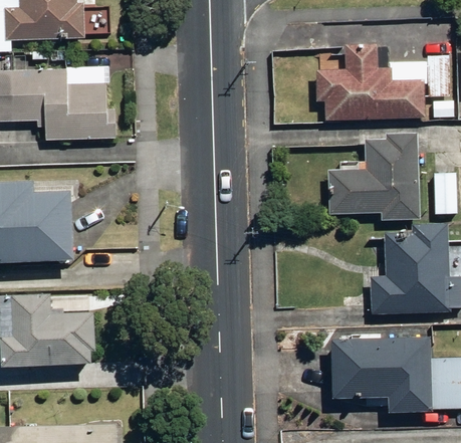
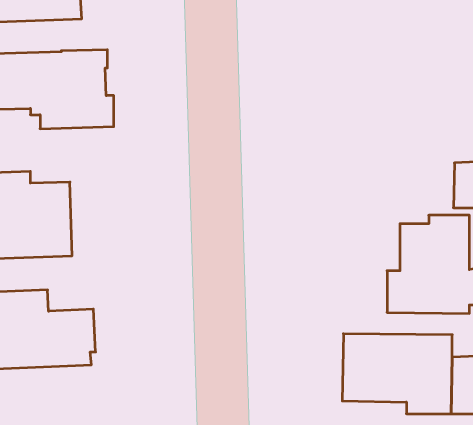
building: [311,46,446,120] -> none
building: [326,133,417,220] -> none

